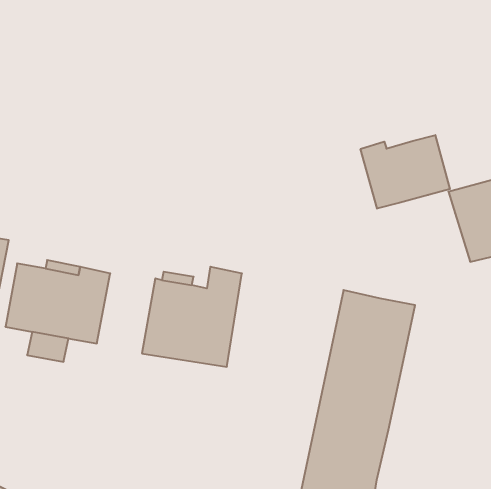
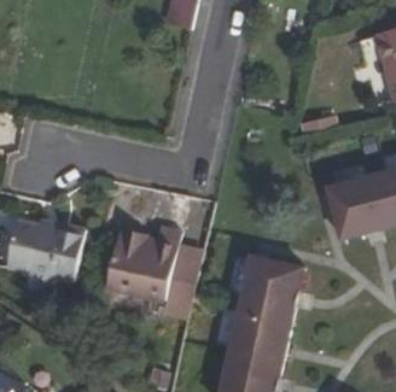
building: [361,135,450,209] -> none

